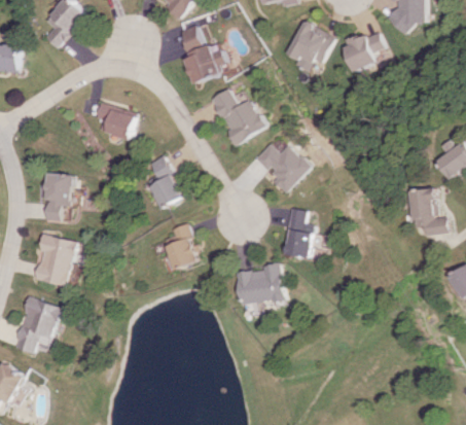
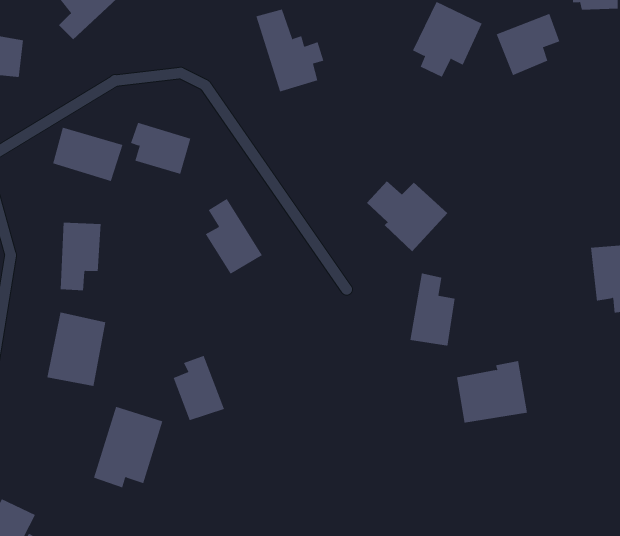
building: [209,87,265,144] -> none
building: none -> [53,127,123,182]
building: [163,223,199,269] -> [173,355,225,421]
building: [236,261,285,305] -> [456,361,528,423]
building: [14,296,63,353] -> [93,406,163,488]

